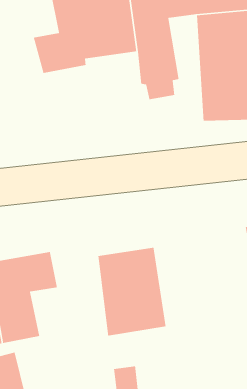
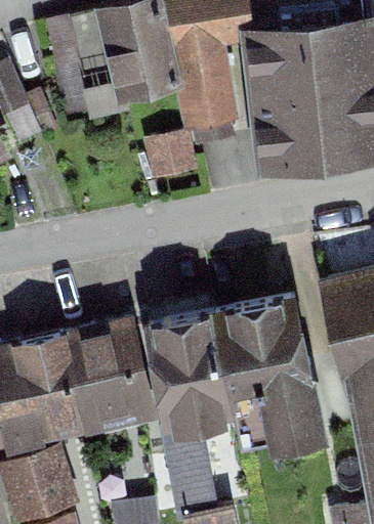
building: none -> [215,302,321,449]
building: none -> [72,321,152,431]

